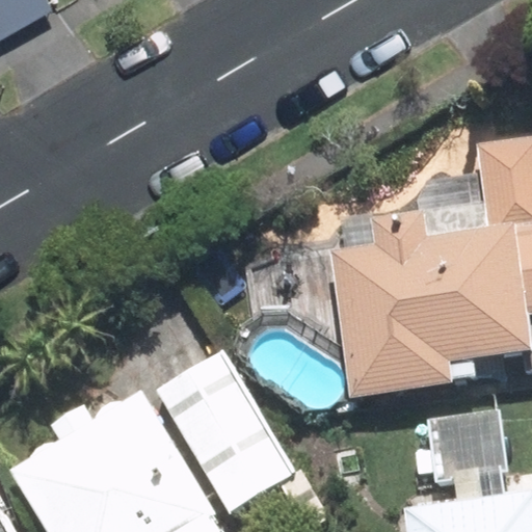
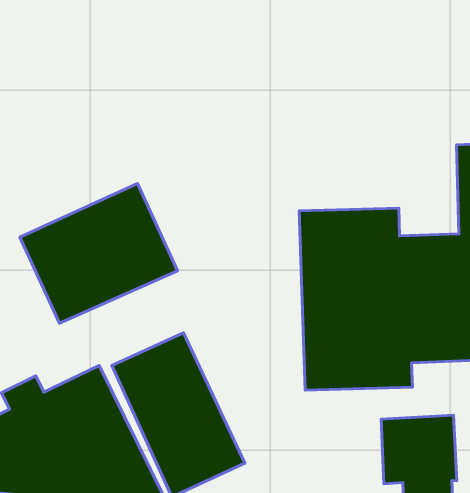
building: none -> [20,183,177,323]

